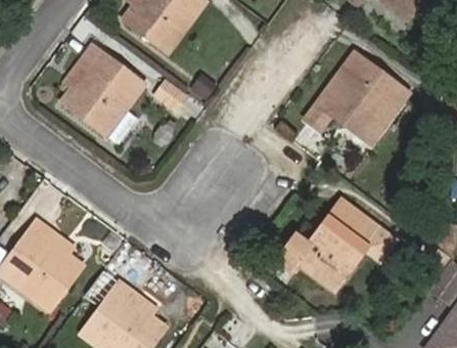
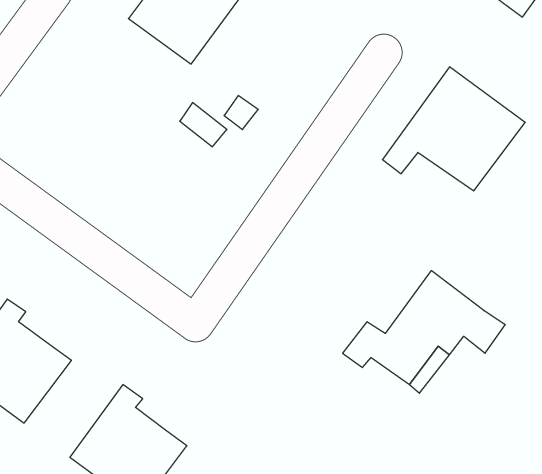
building: [60,44,144,142] -> none

